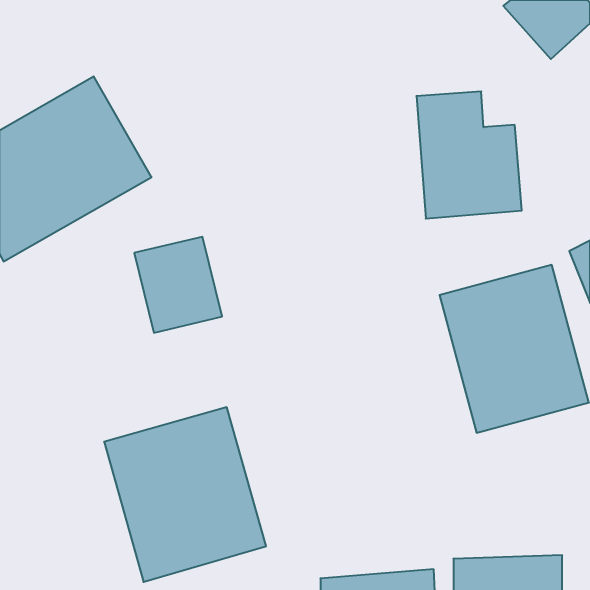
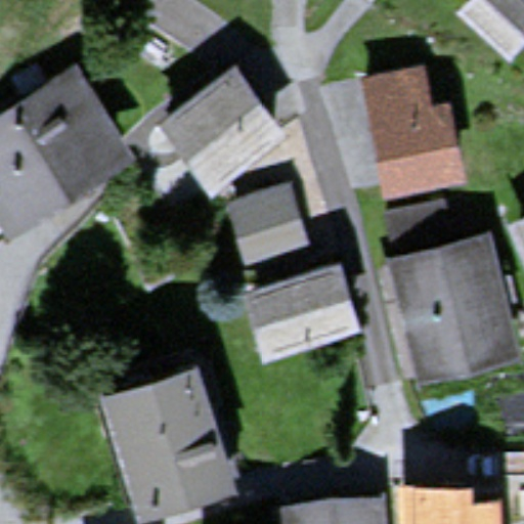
building: none -> [157,69,286,193]
building: [134,237,222,333] -> [236,192,314,277]
building: none -> [239,267,356,360]

